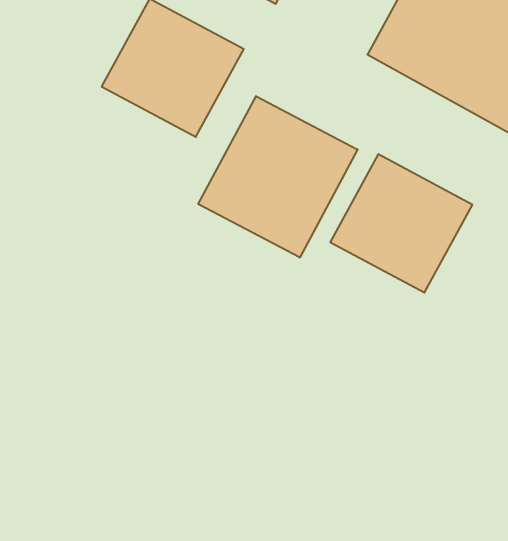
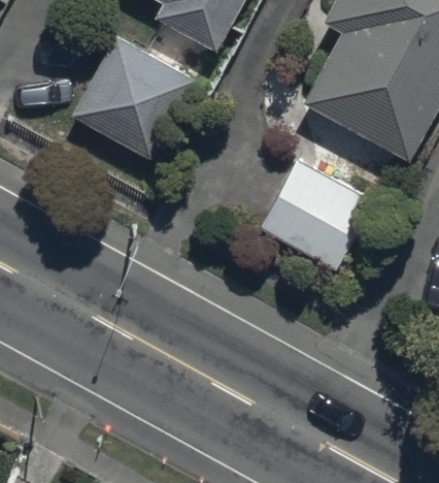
building: [198,96,358,258] -> none

